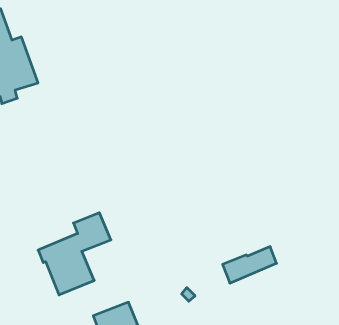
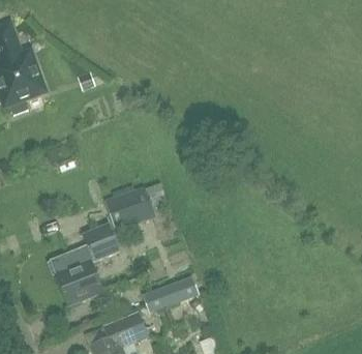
building: none -> [107,182,167,229]
building: [223,247,277,283] -> [144,276,198,313]

